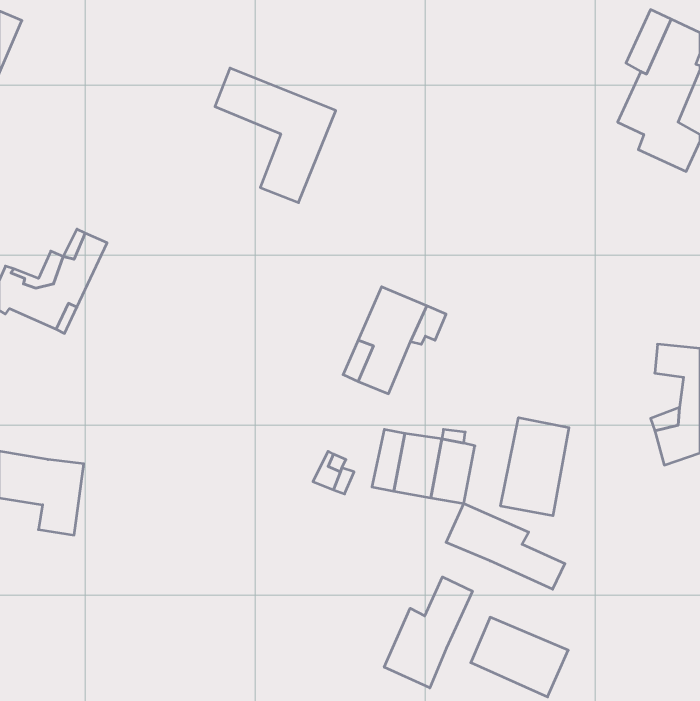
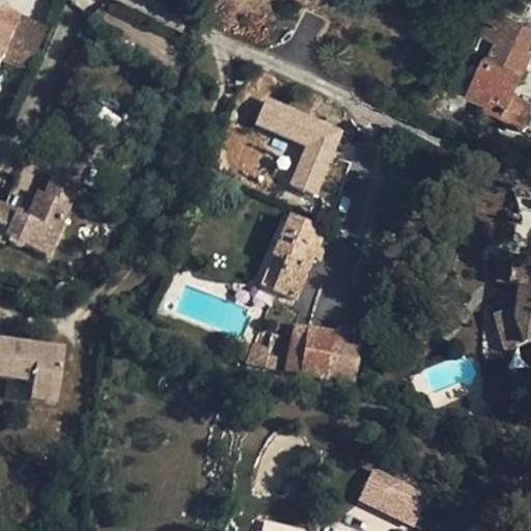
building: [215,68,336,203] -> [253,95,344,197]
building: [501,418,569,516] -> none
building: [446,503,565,589] -> none
building: [384,577,472,688] -> none

